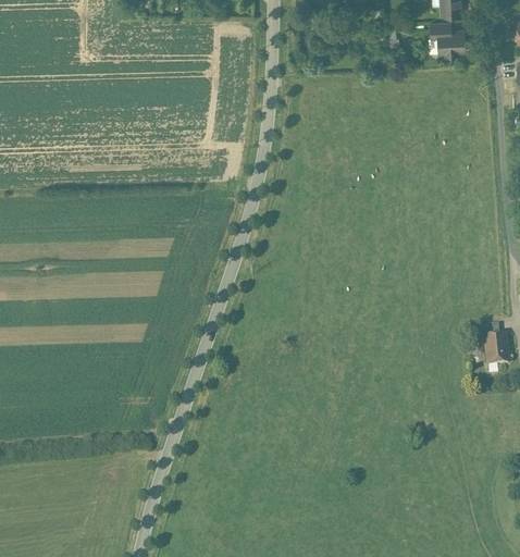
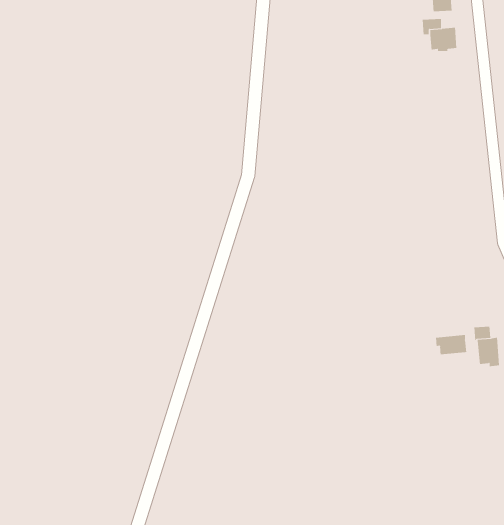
building: none -> [435,334,467,355]

